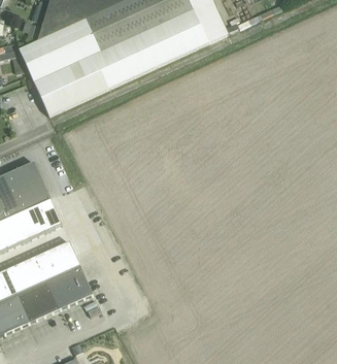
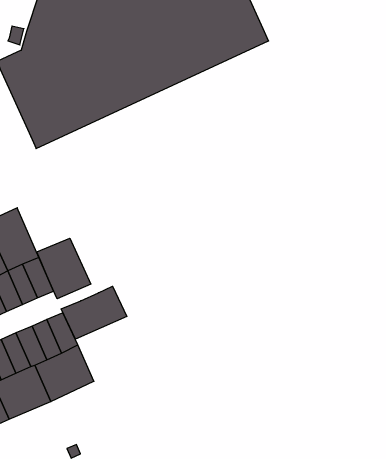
building: none -> [37,238,91,299]
building: none -> [61,286,127,339]

